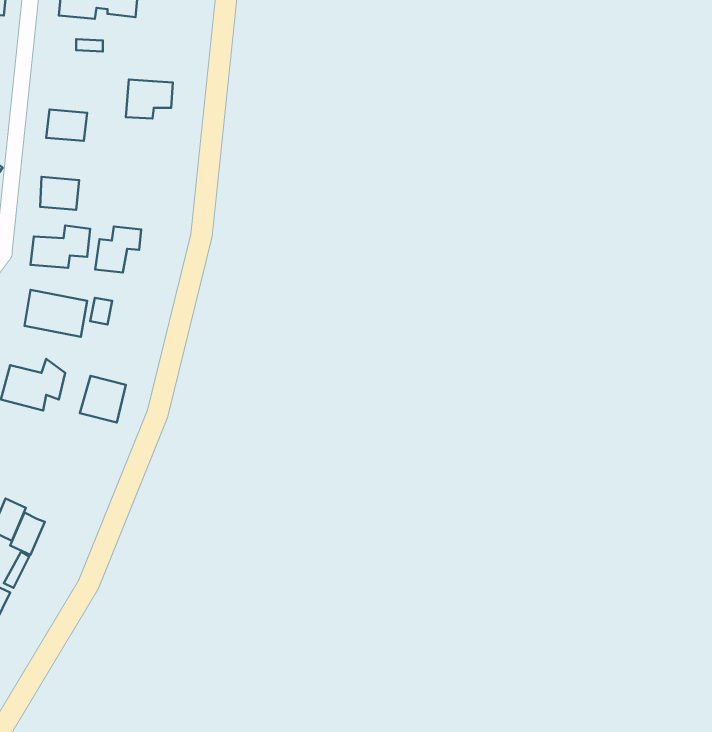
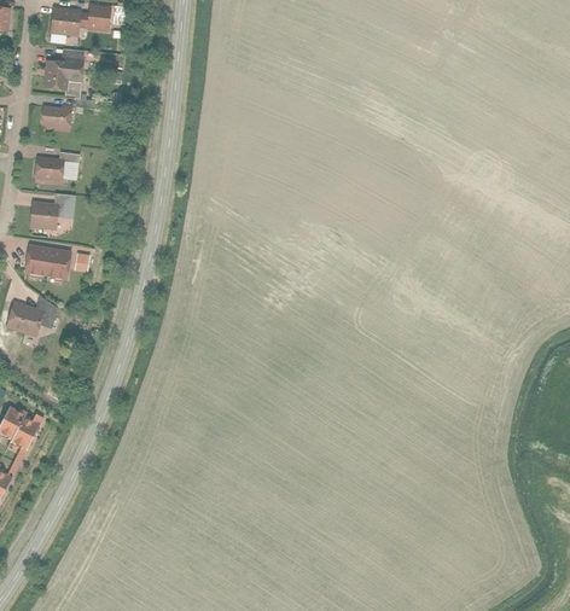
building: [126,79,173,119] -> [47,59,83,89]
building: [95,227,141,272] -> none
building: [80,376,126,423] -> none

